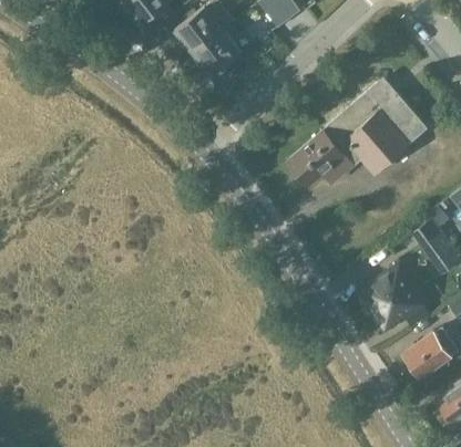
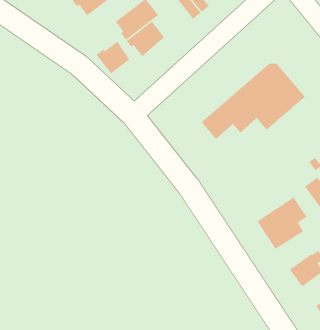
building: none -> [95,41,130,75]

